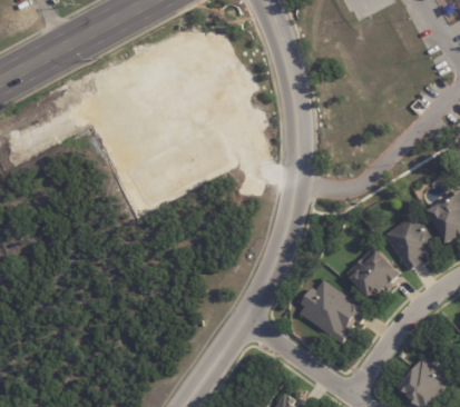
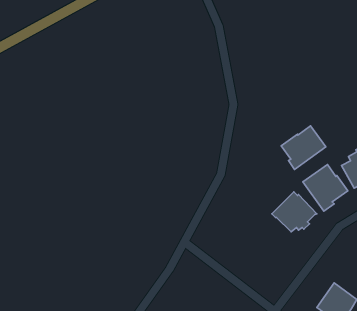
building: none -> [281,126,326,169]
building: [300,280,369,344] -> none

